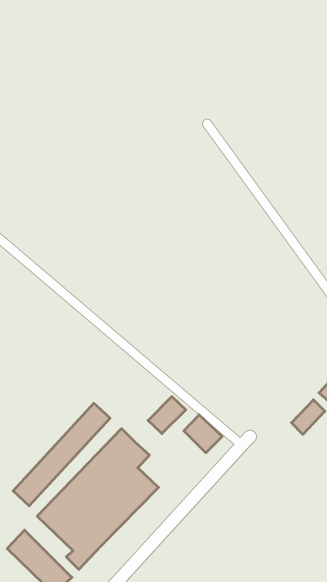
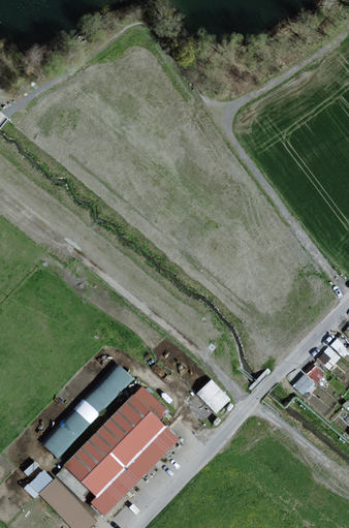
building: [148,397,186,434] -> none

